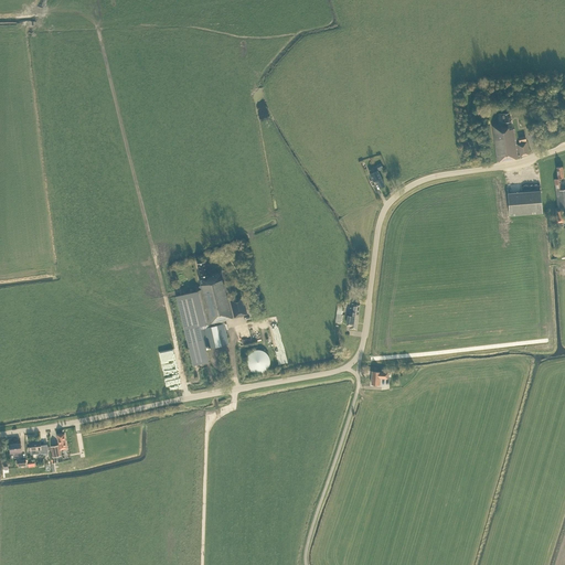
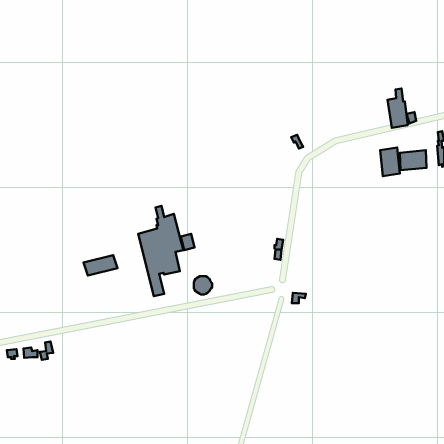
building: none -> [380,148,400,176]
building: none -> [84,255,117,276]

